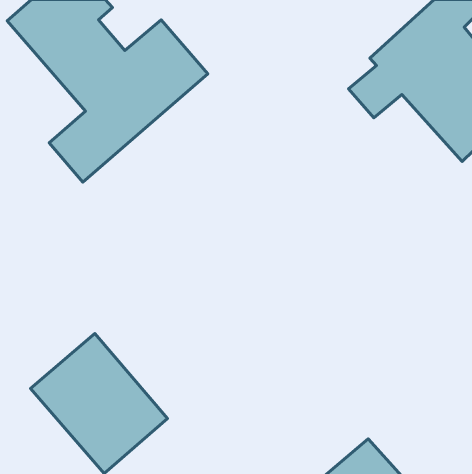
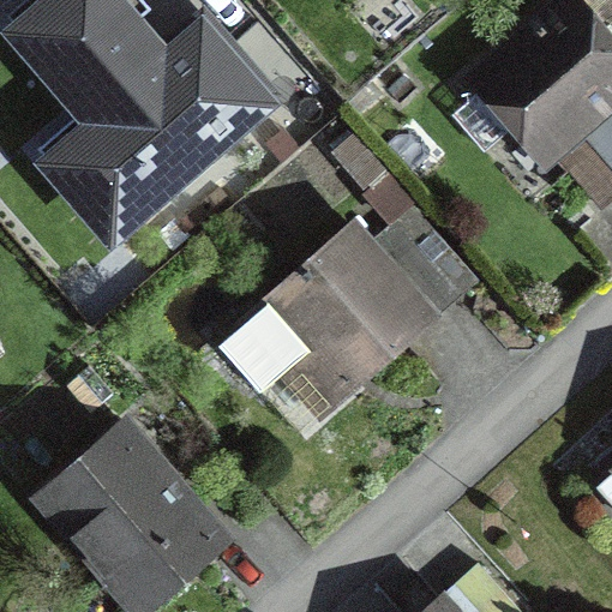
building: none -> [220,221,464,407]

